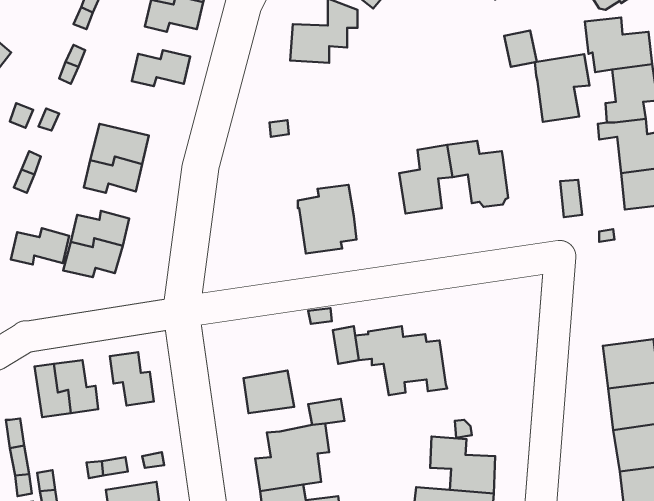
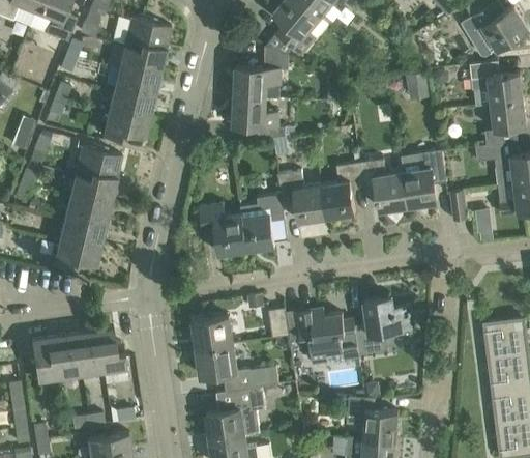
building: none -> [113,66,159,95]
building: [535,54,589,122] -> [402,152,445,206]
building: none -> [233,96,288,141]
building: none -> [102,110,149,141]
building: none -> [277,172,326,223]
building: none -> [199,204,246,255]
building: [11,228,69,265] -> [64,195,111,224]
building: none -> [354,298,413,355]
building: none -> [193,317,232,350]
building: none -> [68,333,104,375]

